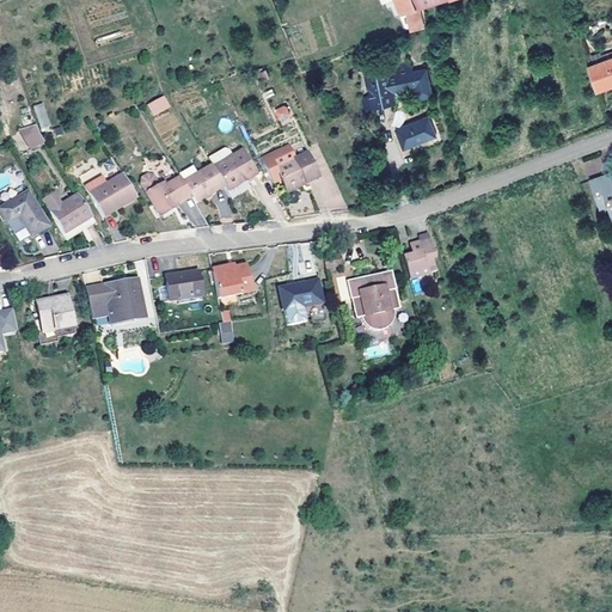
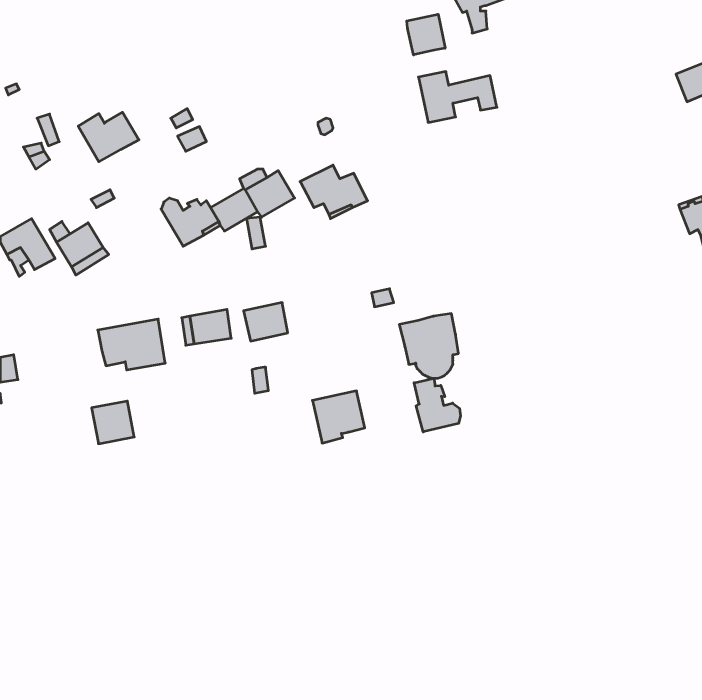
building: none -> [407,14,445,55]
building: [397,114,437,147] -> none
building: [85,172,137,215] -> [78,112,139,162]
building: [404,232,436,277] -> none
building: [280,279,325,324] -> [312,391,365,443]
building: [37,294,74,331] -> [92,401,134,444]
building: none -> [414,378,461,432]

